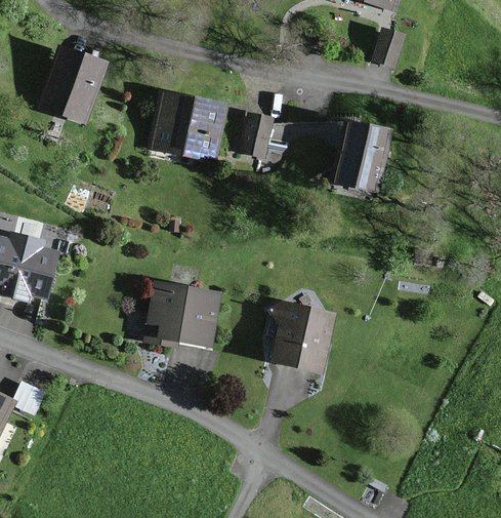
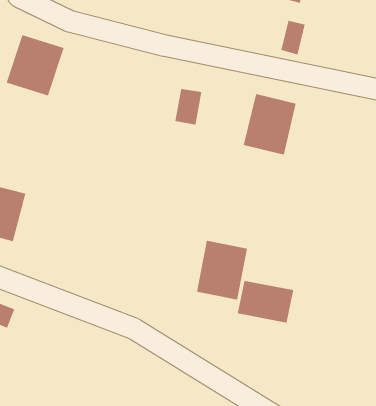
building: [148,91,227,161] -> none
building: [143,281,222,349] -> none
building: none -> [237,280,294,323]

